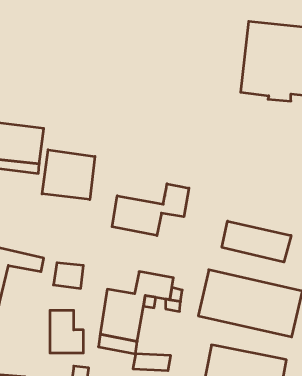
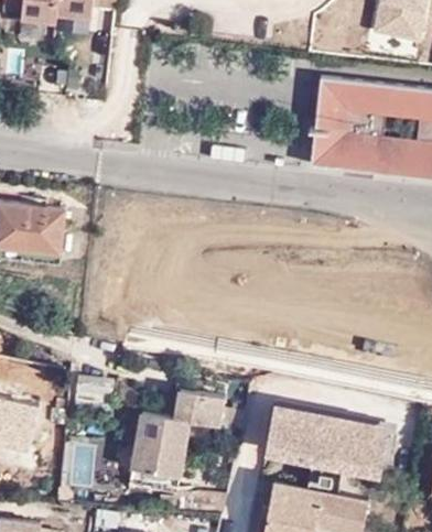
building: [42,150,95,200] -> none
building: [112,184,189,236] -> none
building: [222,221,291,262] -> none

